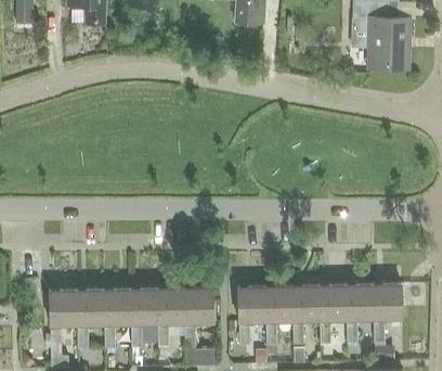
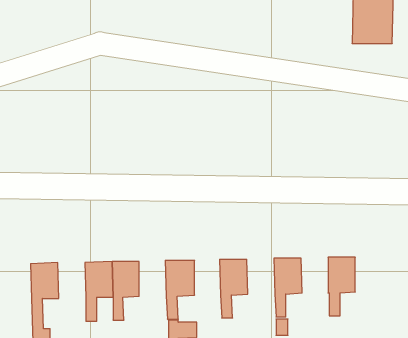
building: [373,283,401,343] -> none
building: [318,284,346,344] -> none
building: [264,285,292,345] -> none
building: [157,287,184,347] -> none
building: [76,290,104,348] -> none

